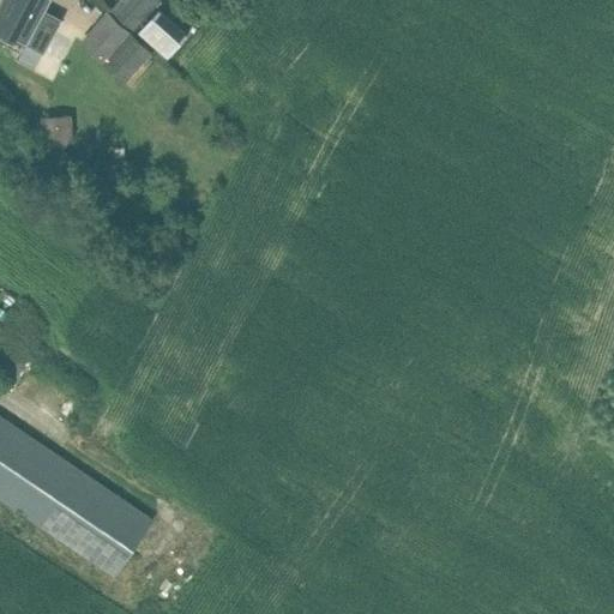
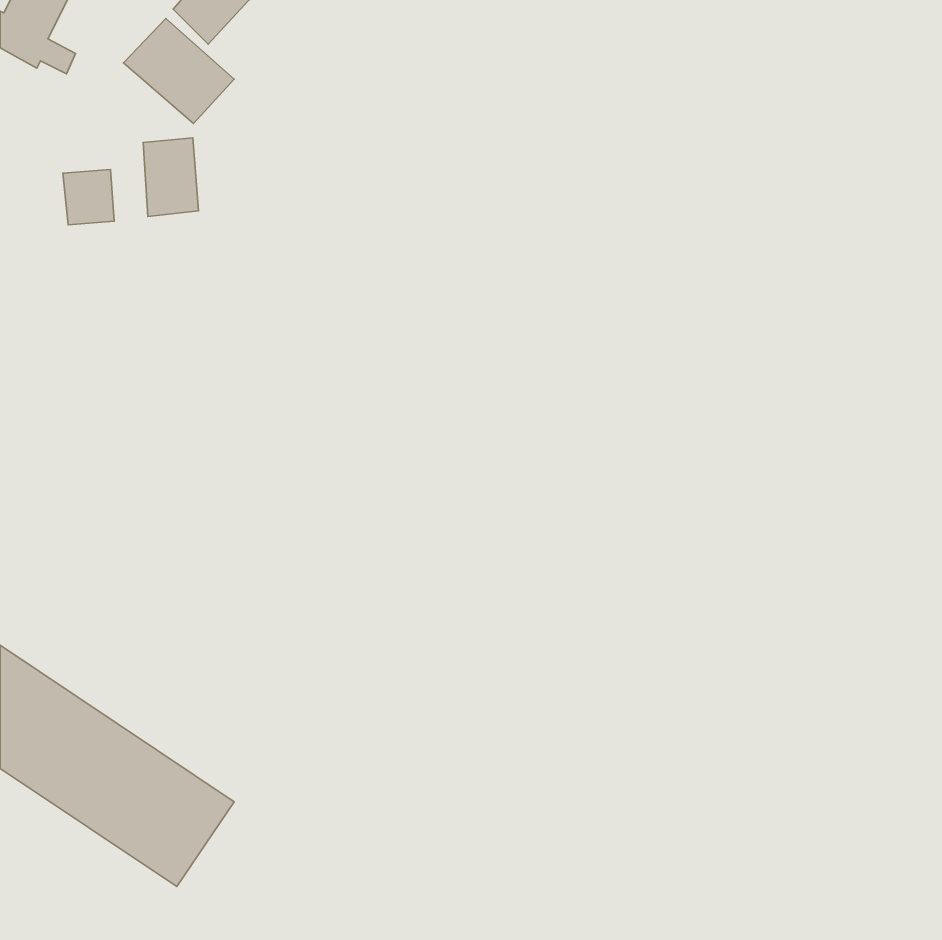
building: [138,7,187,56] -> none
building: none -> [143,138,198,216]

